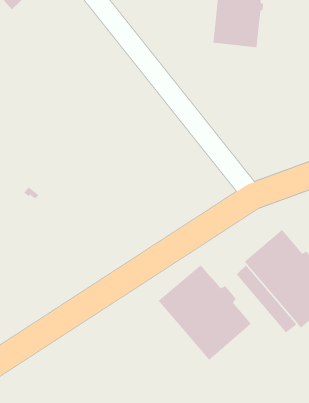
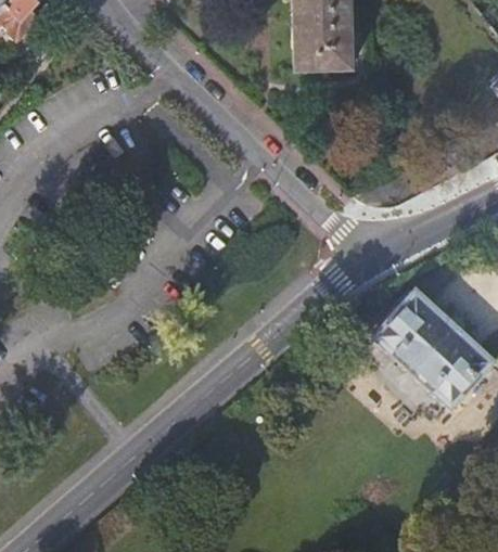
building: [158,264,252,361] -> none

